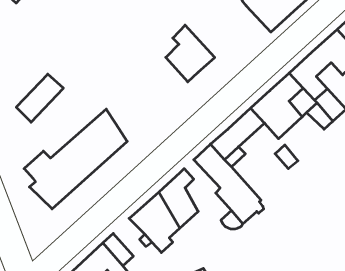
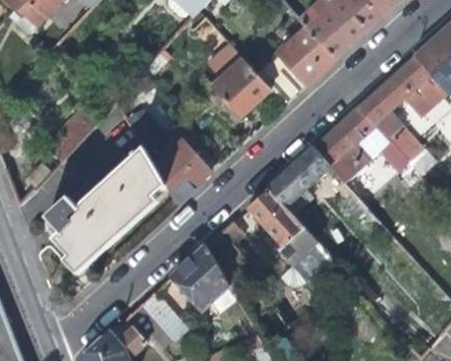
building: none -> [257,29,335,107]
building: none -> [155,134,221,202]

